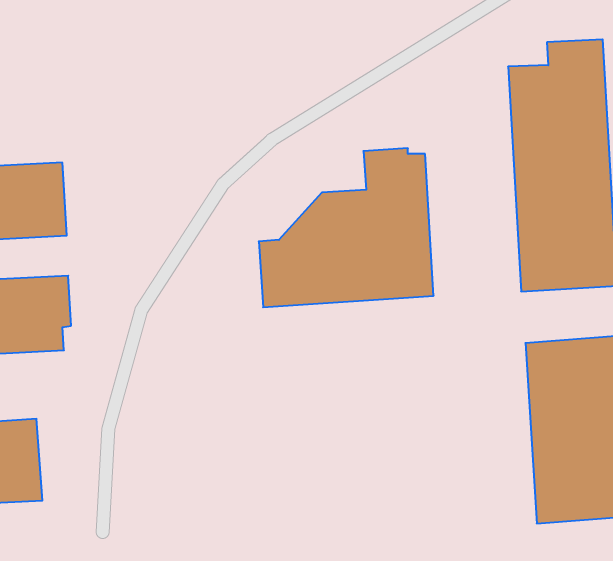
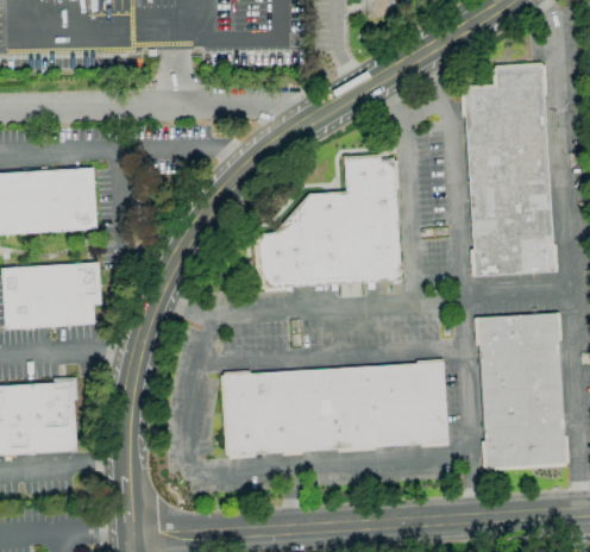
building: none -> [222,362,447,454]

